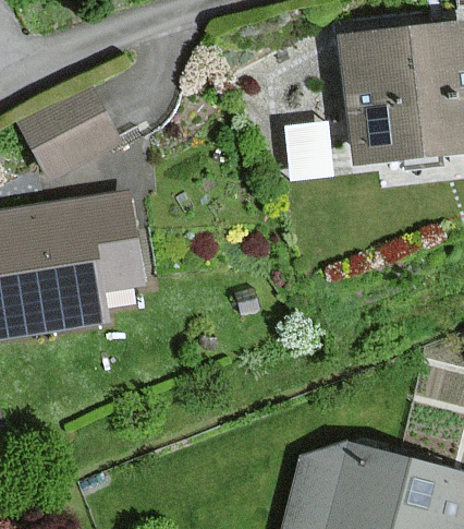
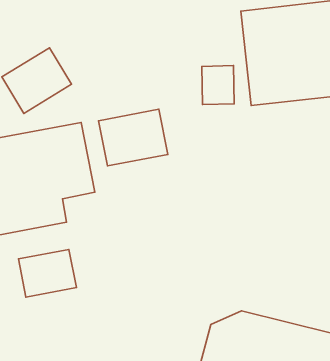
building: none -> [98,109,168,166]
building: none -> [19,249,76,297]

